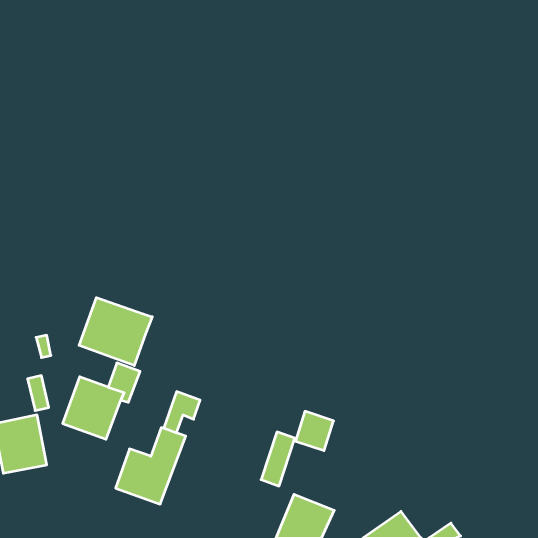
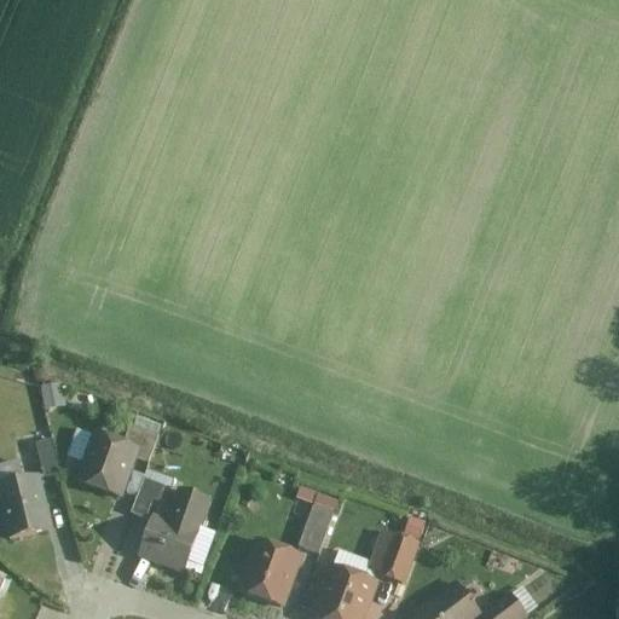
building: [79,298,152,366] -> none
building: [164,392,200,433] -> [129,468,170,515]
building: [295,411,334,451] -> [372,530,416,574]
building: none -> [238,538,303,607]

